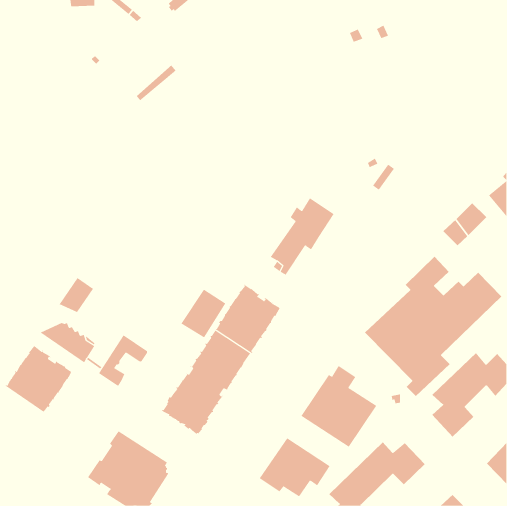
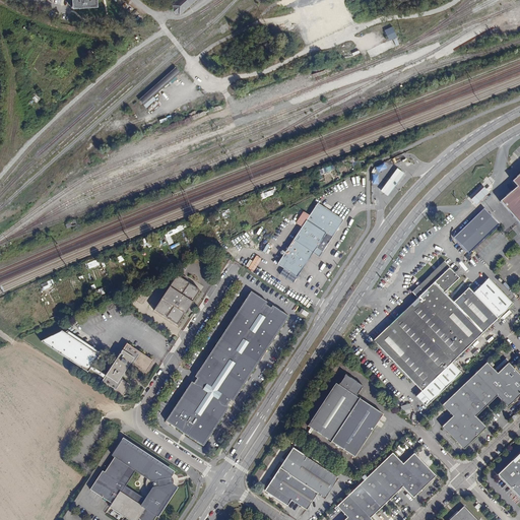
building: [59,277,94,313] -> none
building: [181,289,226,338] -> [152,274,199,325]
building: [5,345,73,414] -> none

